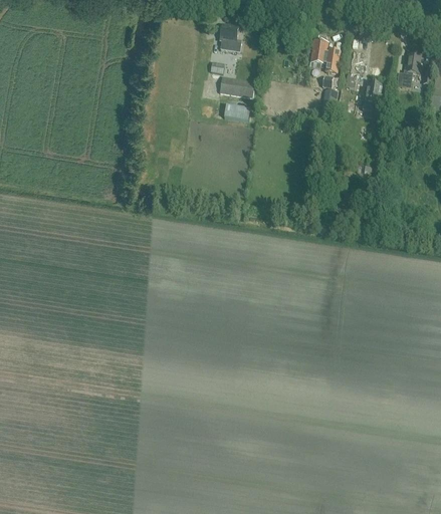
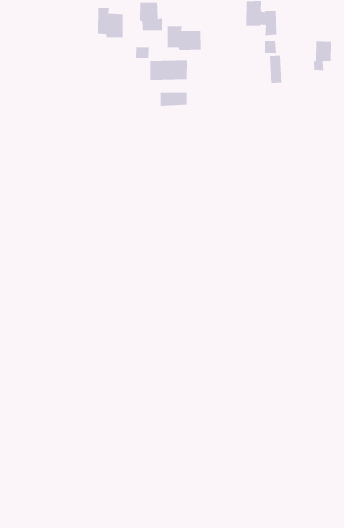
building: none -> [97,7,123,38]
building: none -> [167,25,201,51]

